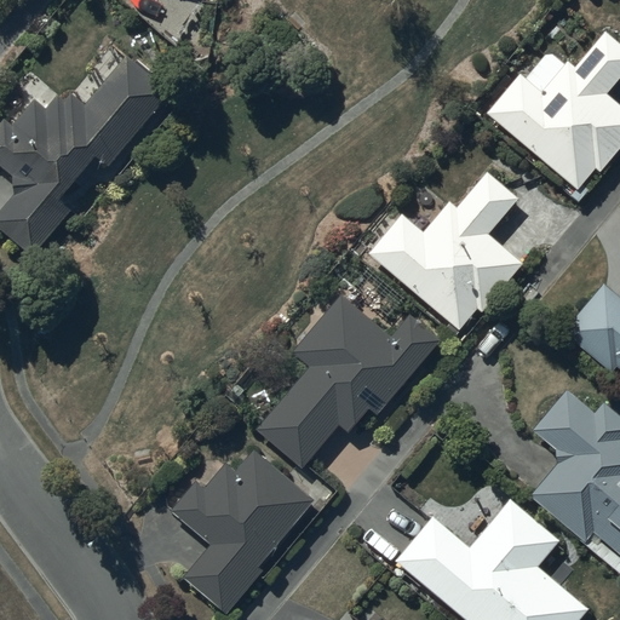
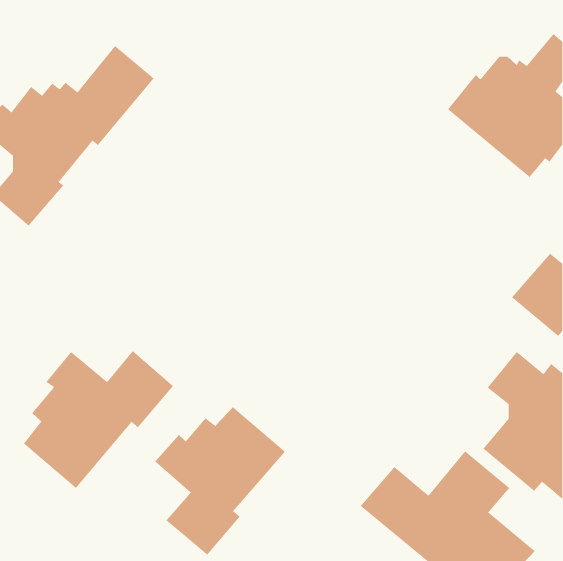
building: [371,185,524,341] -> none
building: [257,294,440,466] -> none
building: none -> [23,350,174,489]

